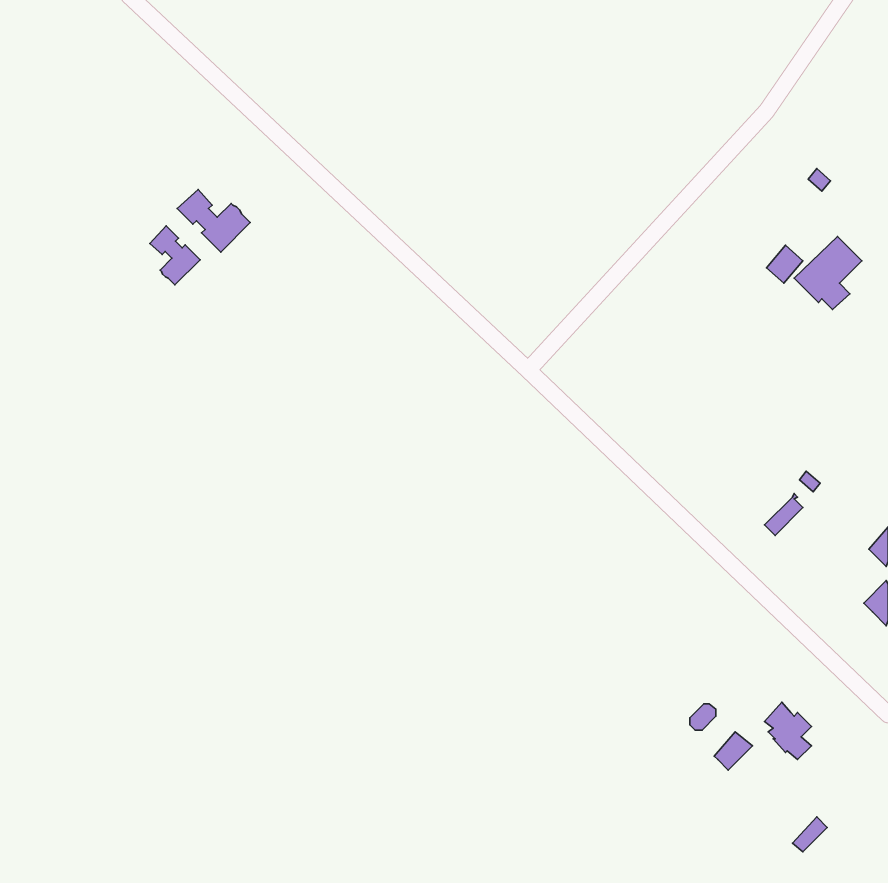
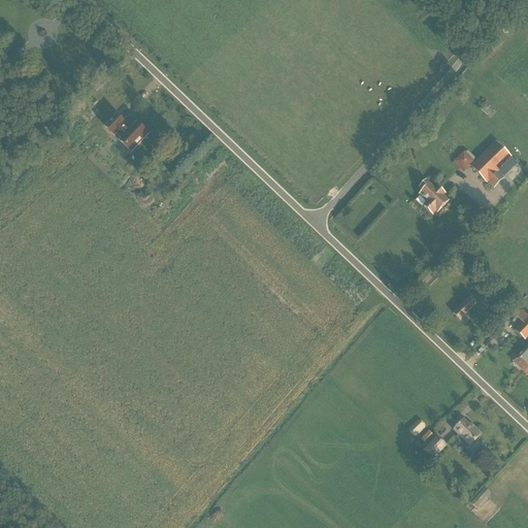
building: [150,226,200,285] -> none
building: none -> [420,179,449,212]

